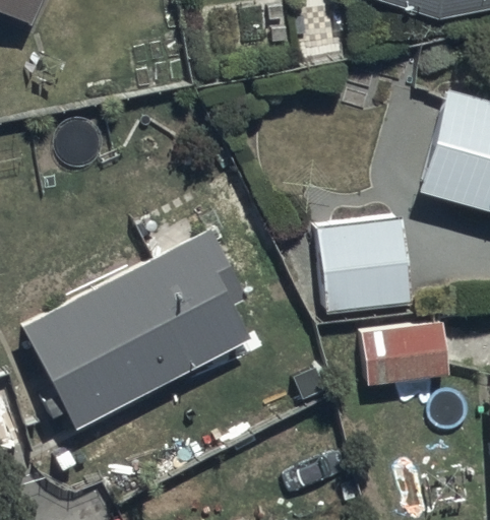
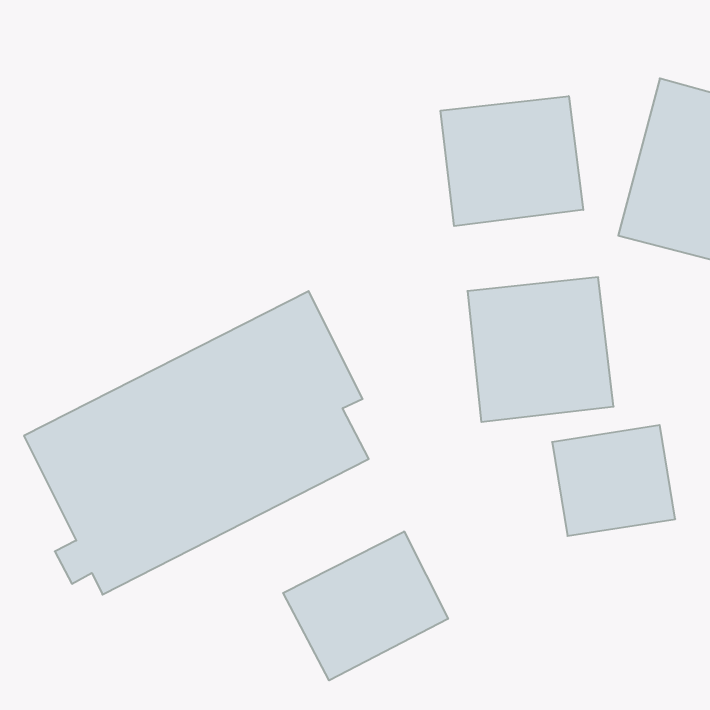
building: none -> [441,96,583,226]
building: none -> [283,531,448,680]

